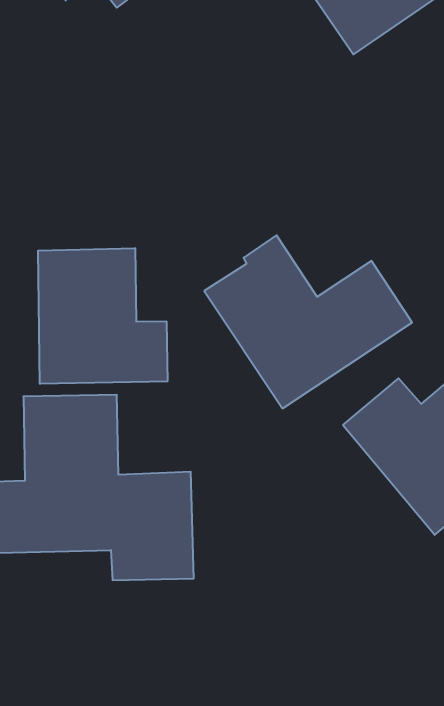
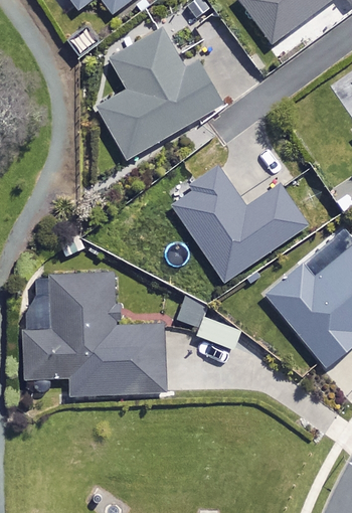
building: none -> [96,28,222,159]
building: [38,248,167,384] -> none

